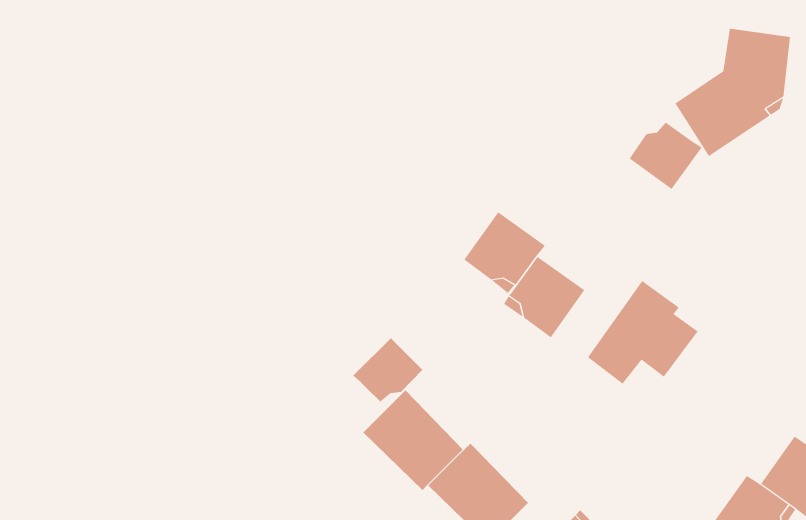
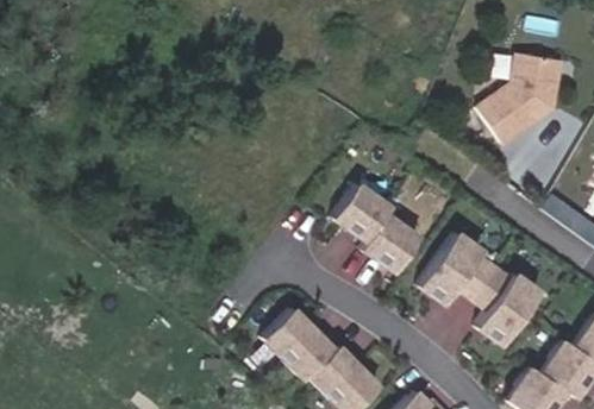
building: [629,117,703,190] -> none
building: none -> [473,266,540,345]
building: [352,337,423,408] -> none

